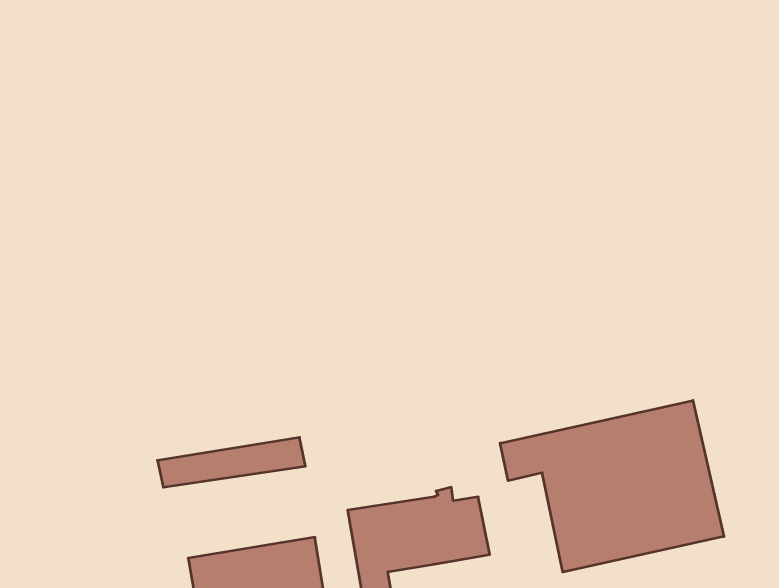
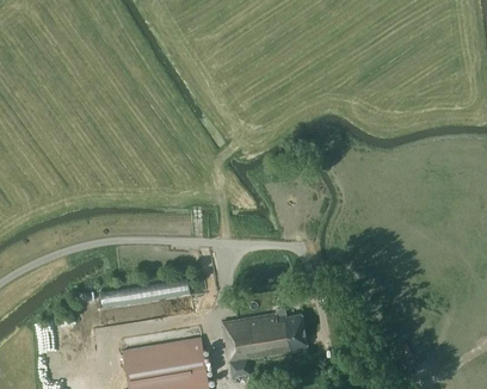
building: [500,400,724,572] -> none

